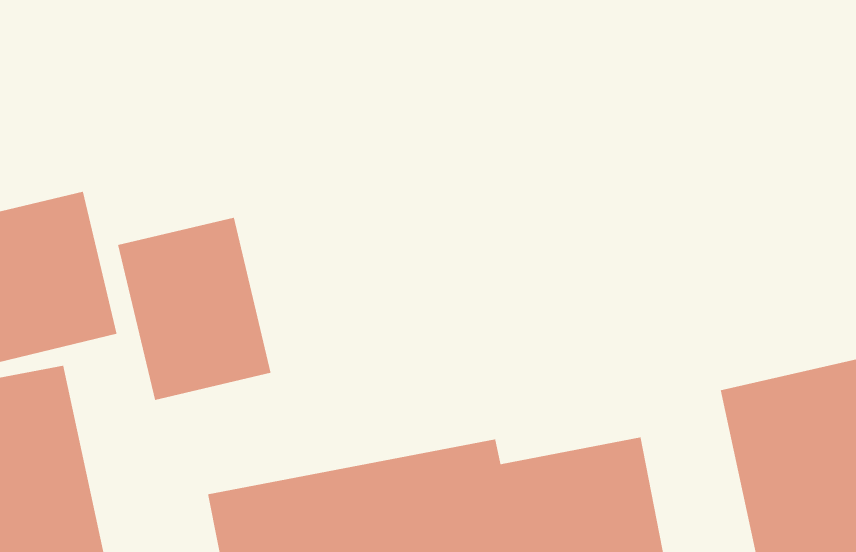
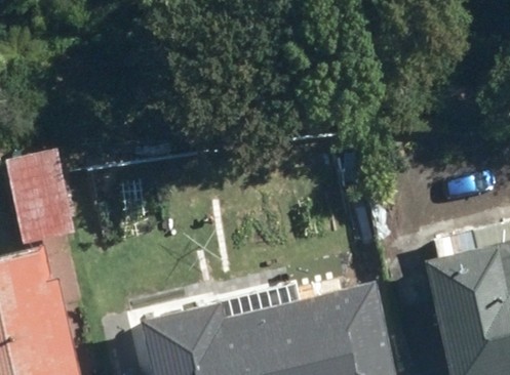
building: [117,217,272,401] -> none

